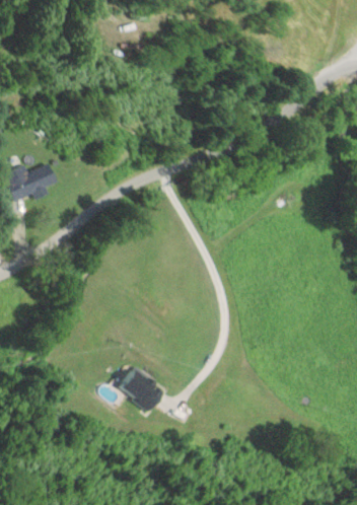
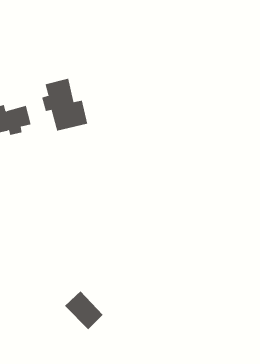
building: none -> [41,78,88,131]

